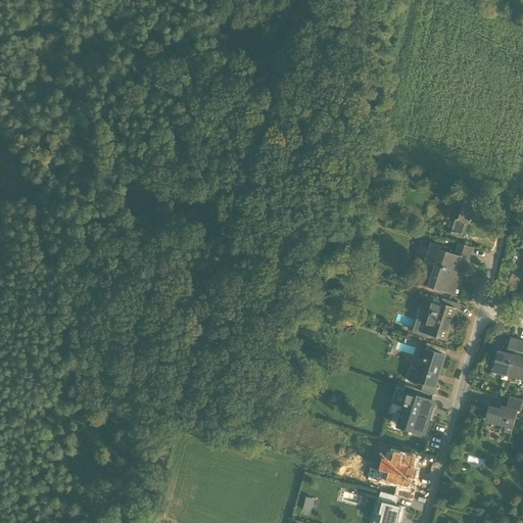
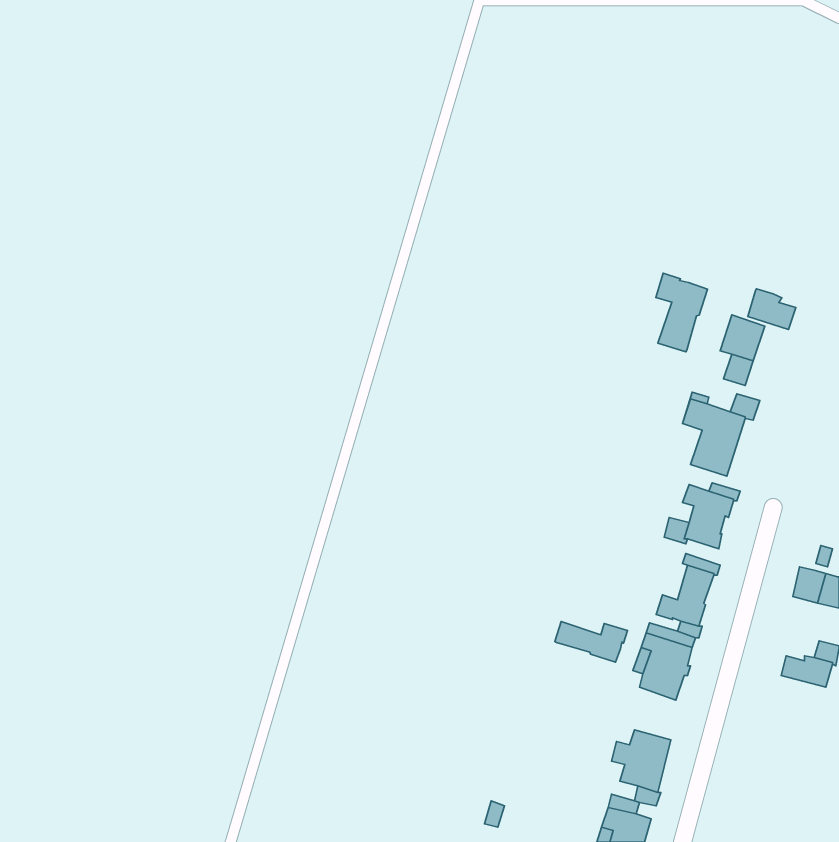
building: none -> [656,273,707,352]
building: none -> [748,289,796,329]
building: none -> [555,622,628,662]

